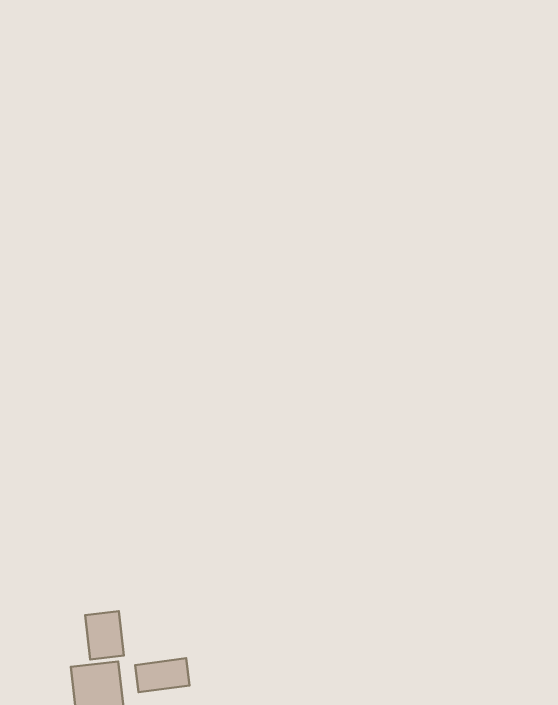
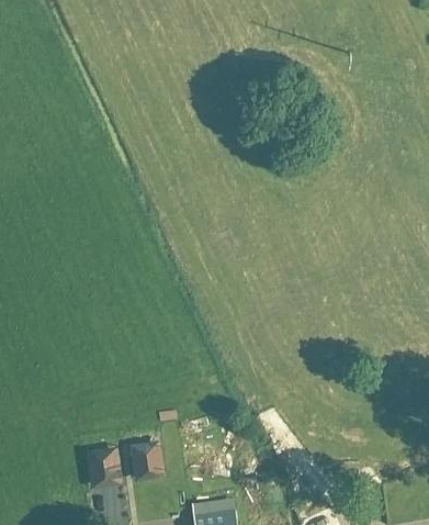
building: [85,611,124,659] -> none

